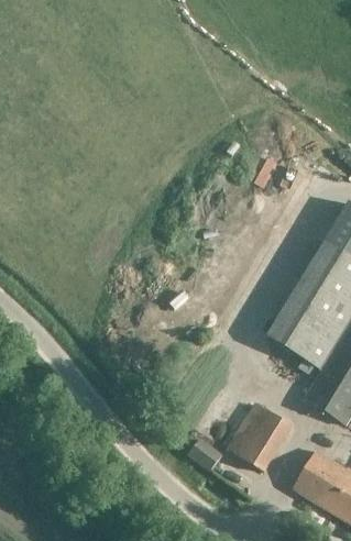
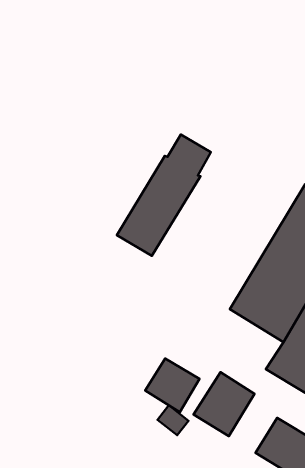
building: none -> [117,134,211,256]
building: none -> [145,358,199,412]

